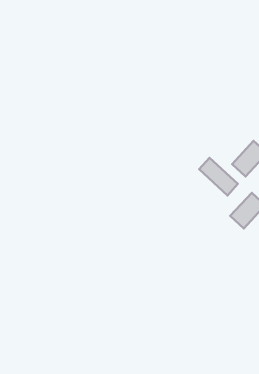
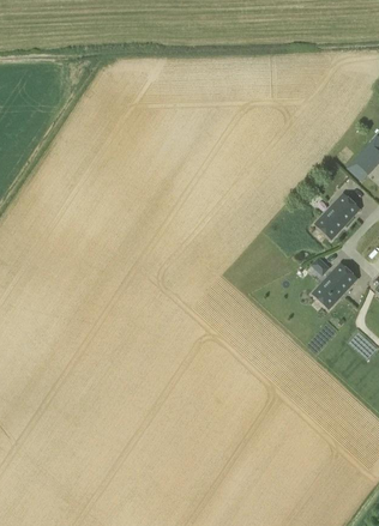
building: [199,158,238,195] -> none

